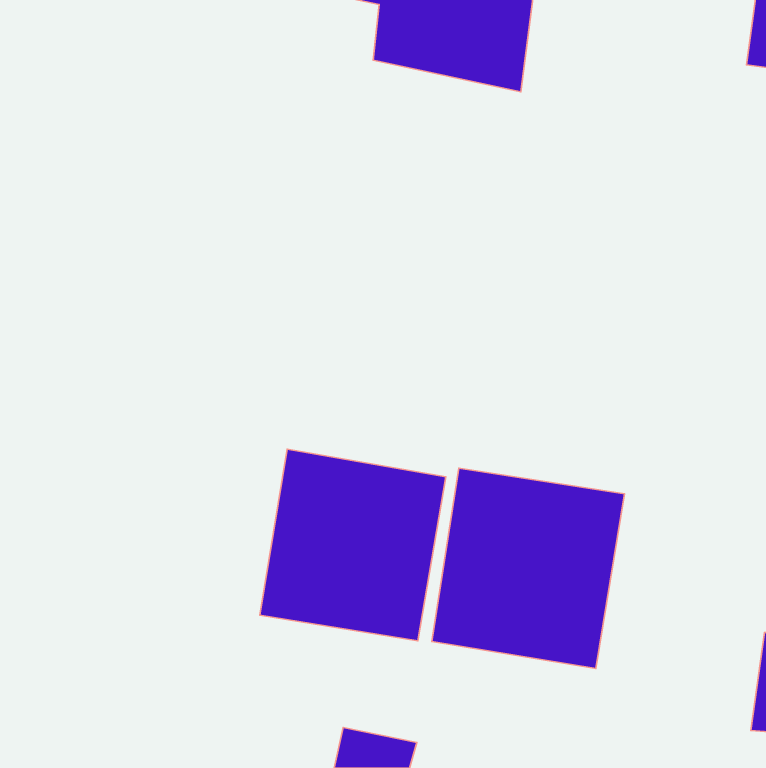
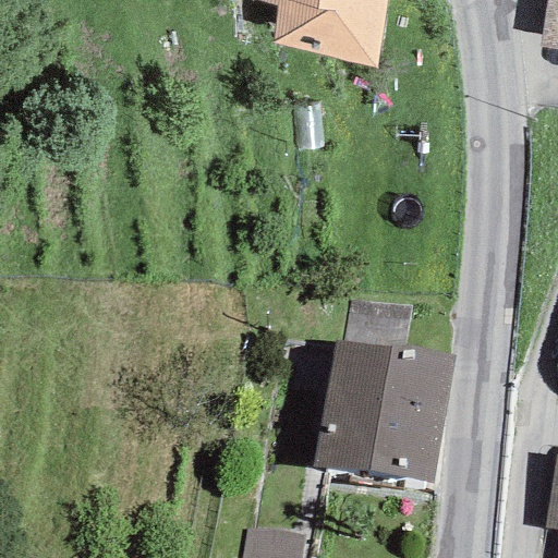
building: [260,449,446,641] -> none

